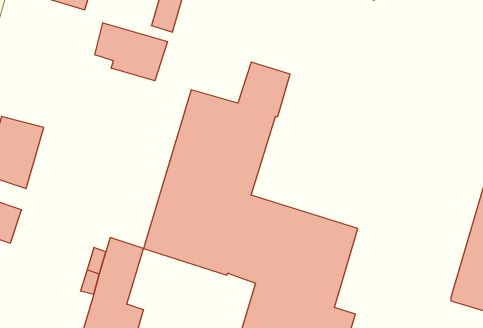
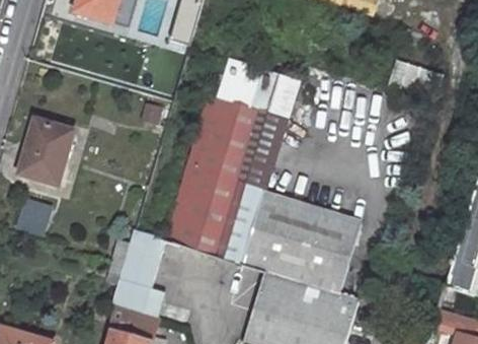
building: [95,23,167,81] -> none

